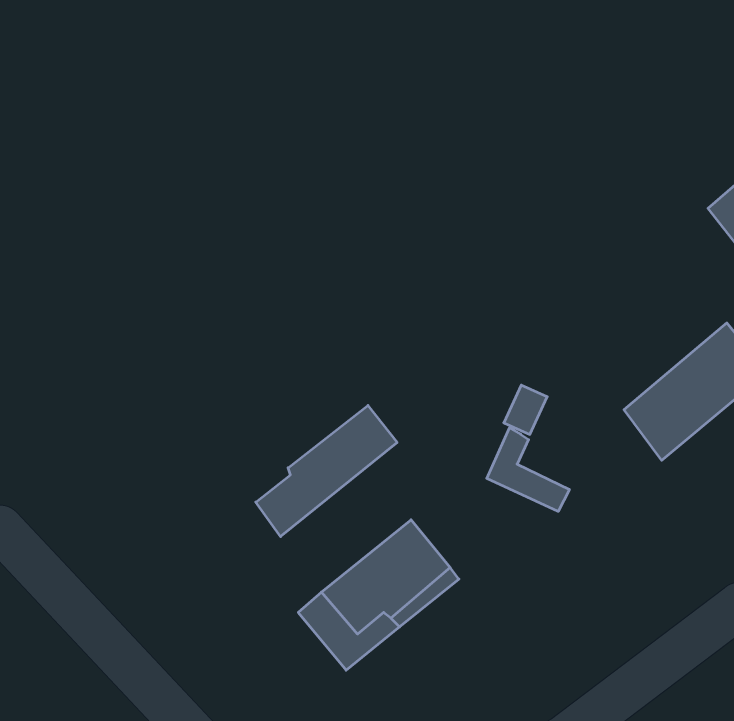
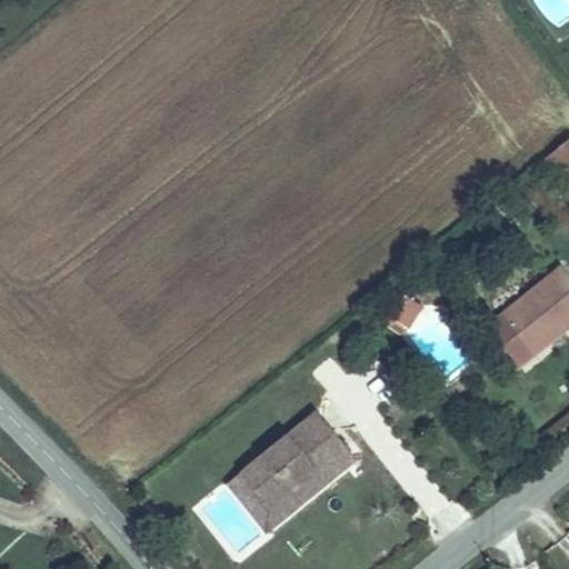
building: [256,405,397,537] -> none
building: [487,428,569,511] -> none

